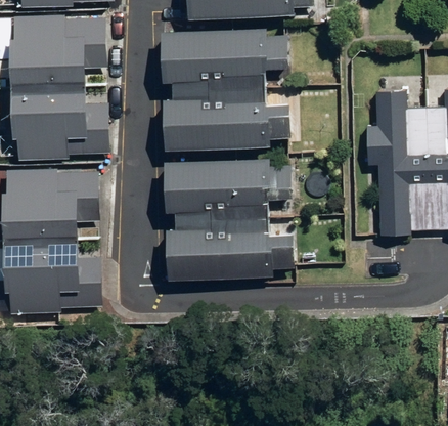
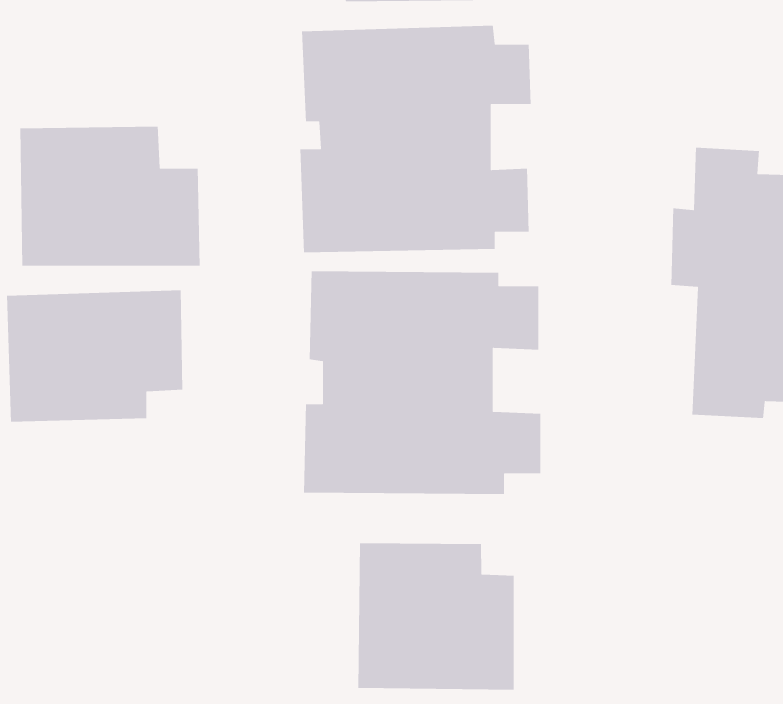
building: [12,18,107,82] -> none
building: [7,239,103,312] -> none
building: none -> [358,543,515,691]

